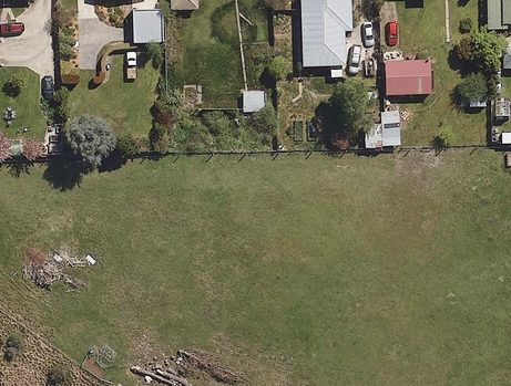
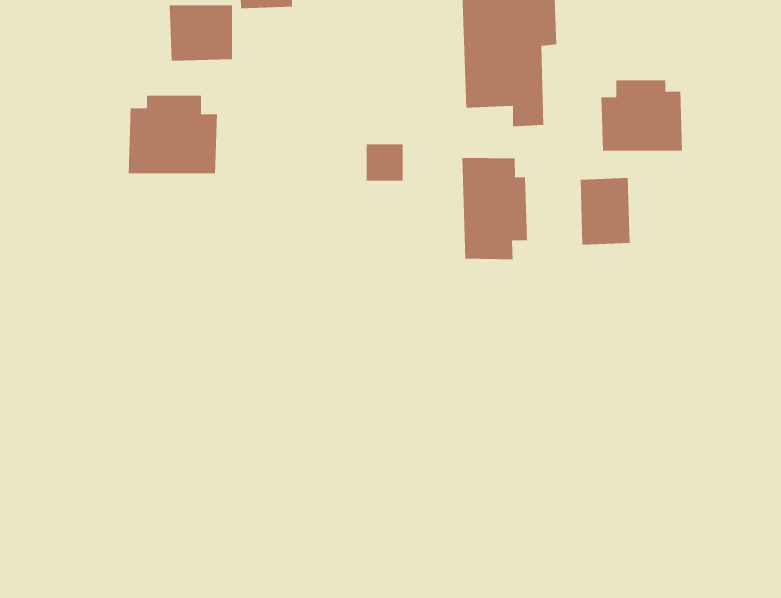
building: none -> [128,95,218,174]
building: none -> [462,157,527,260]

